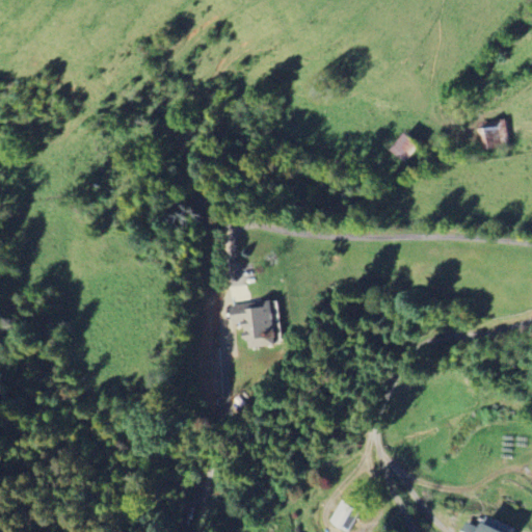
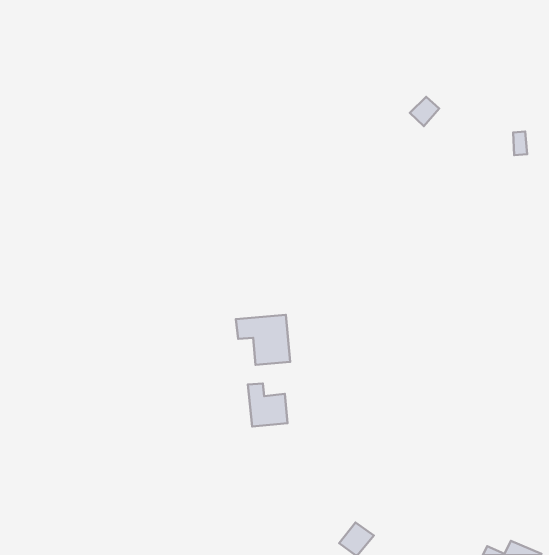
building: [392,135,420,163] -> [410,97,439,126]
building: none -> [248,383,287,426]

